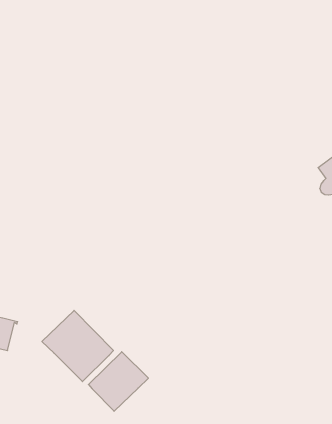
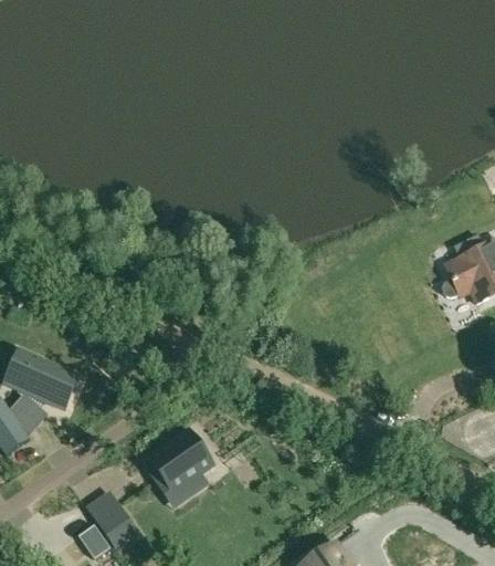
building: [42,310,113,382] -> none

